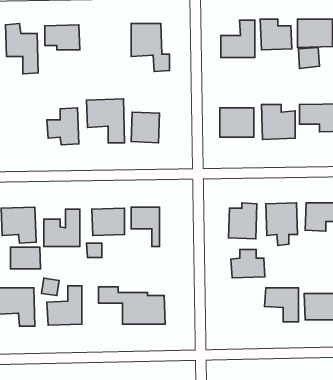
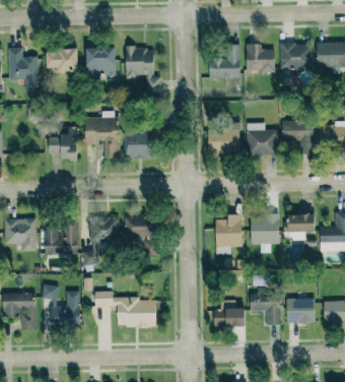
building: none -> [85,48,116,80]
building: [10,247,41,269] -> none
building: [231,249,265,278] -> [213,301,245,327]

